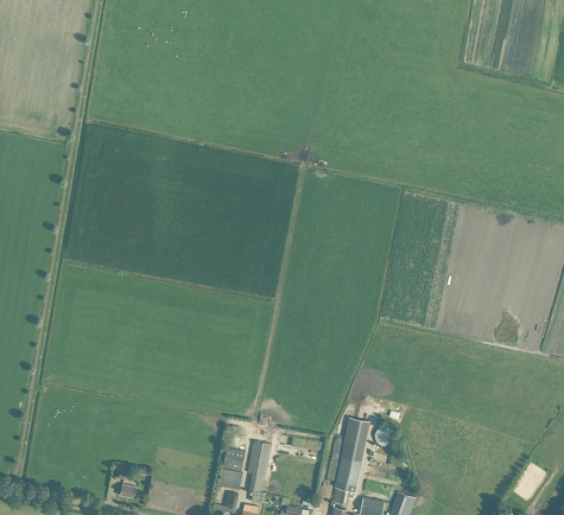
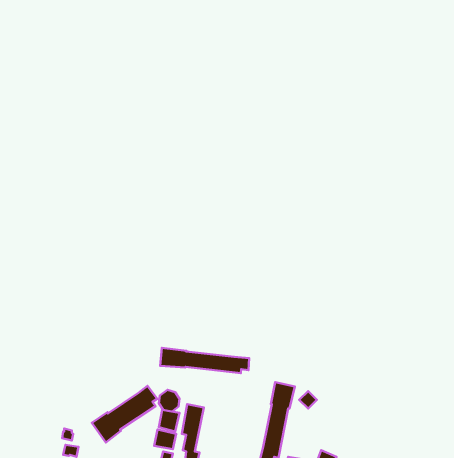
building: none -> [160,348,249,373]
building: none -> [92,386,157,442]

